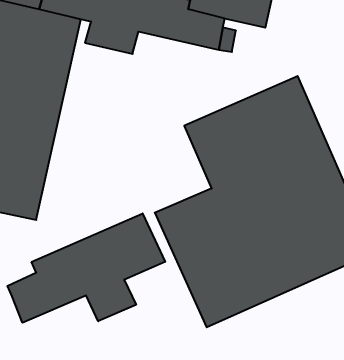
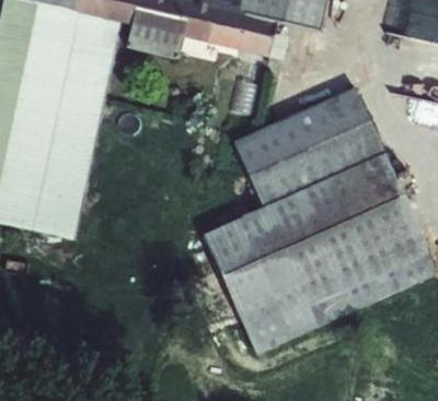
building: [7,213,165,323] -> none

